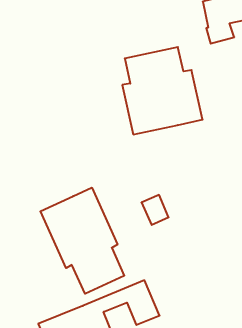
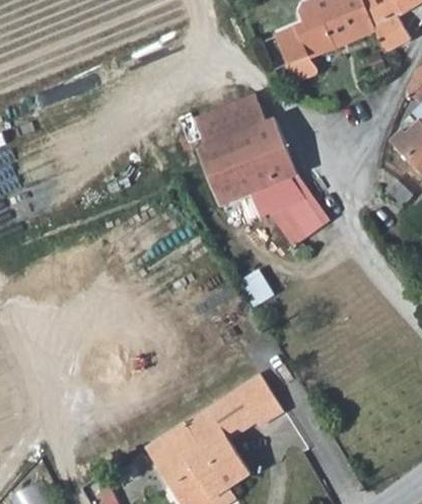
building: none -> [258,174,331,246]
building: [40,188,124,294] -> none

